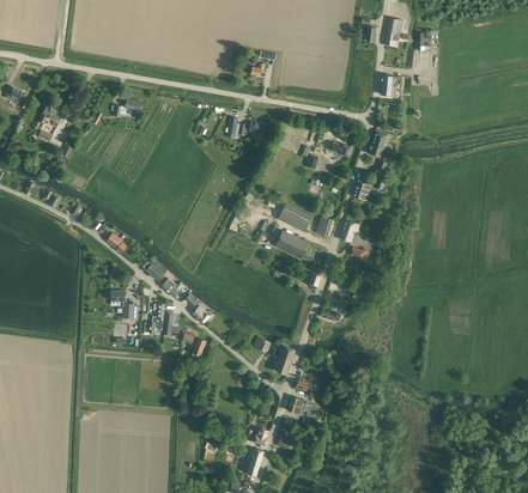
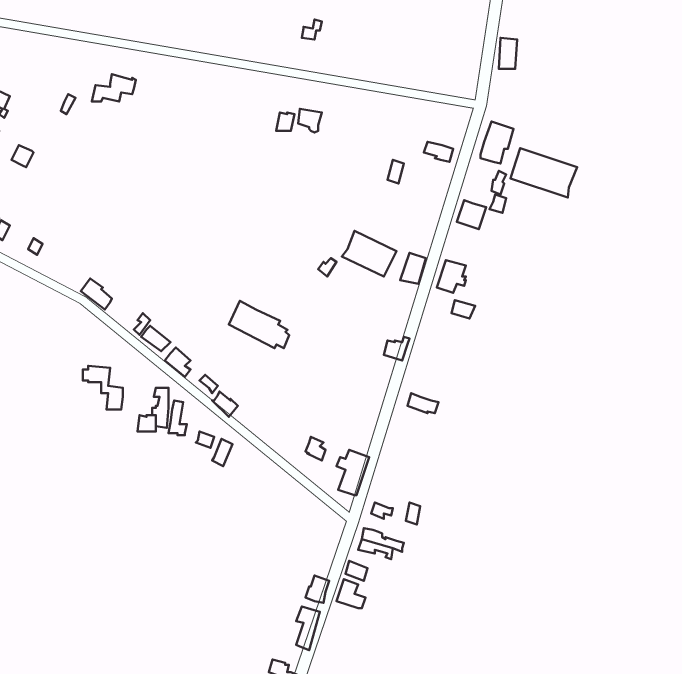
building: none -> [511,148,577,198]
building: [275,230,315,261] -> [229,301,289,348]

